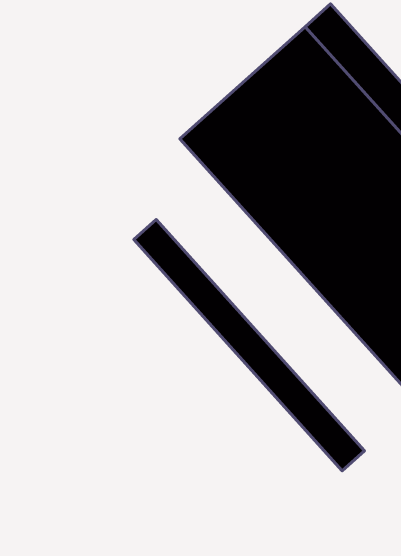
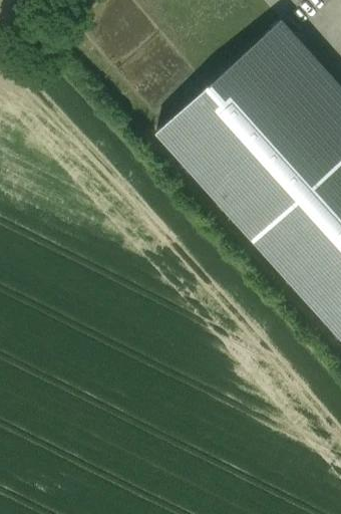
building: [134,220,364,471] -> none

